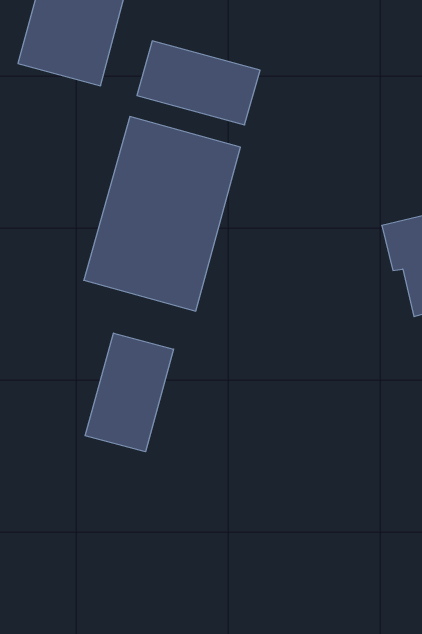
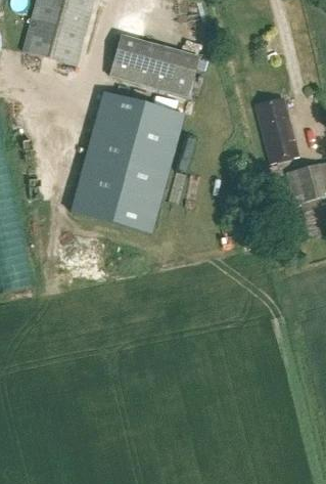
building: none -> [257,97,297,162]
building: [85,333,174,452] -> none

